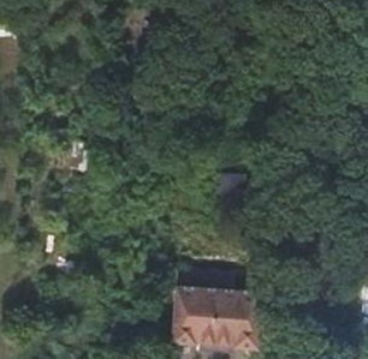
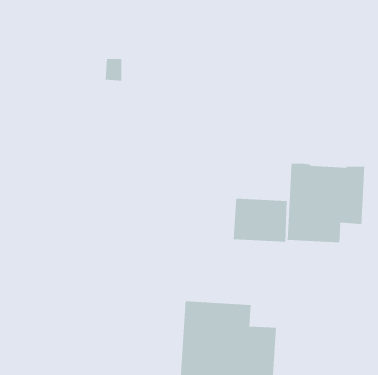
building: none -> [287,163,365,243]

